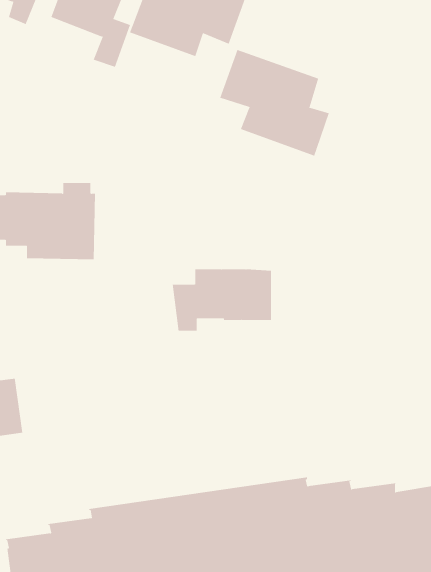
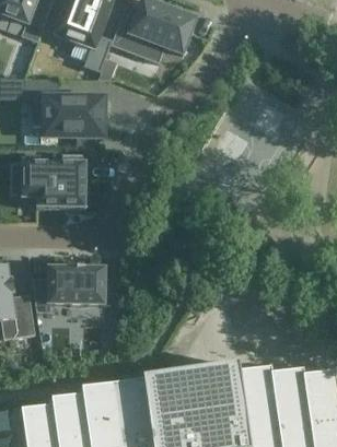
building: [219,49,330,156] -> none
building: none -> [23,78,107,149]
building: [172,269,272,331] -> [32,267,104,311]

